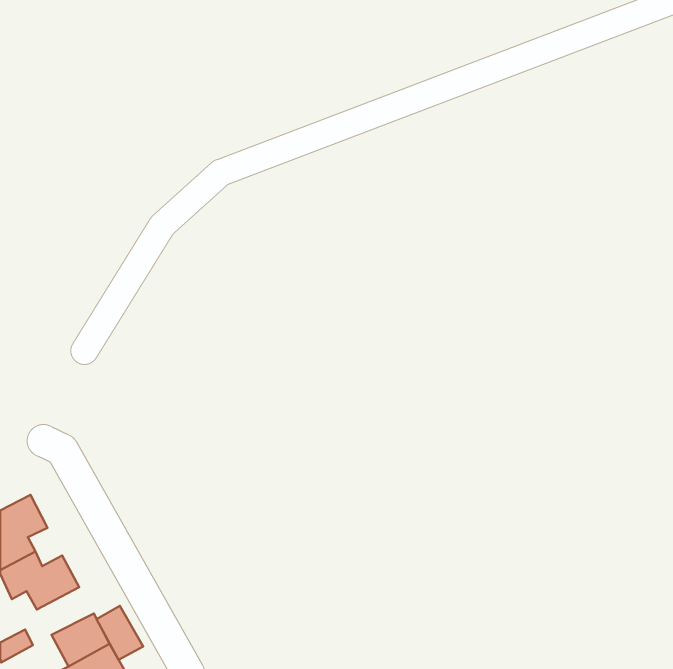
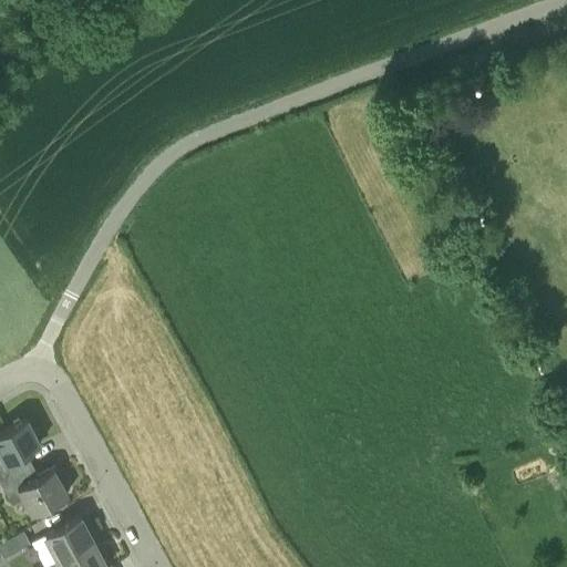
building: [97,606,143,660] -> none

